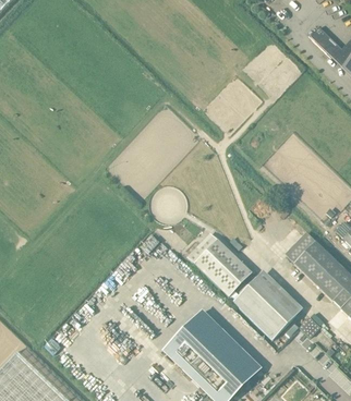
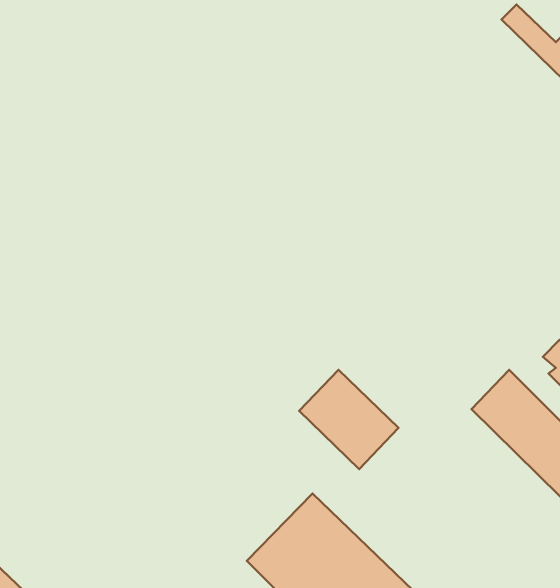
building: [232,277,295,339] -> none

